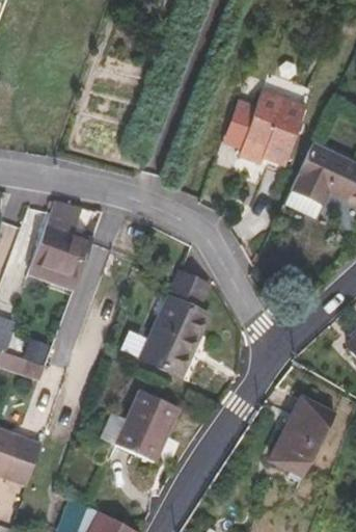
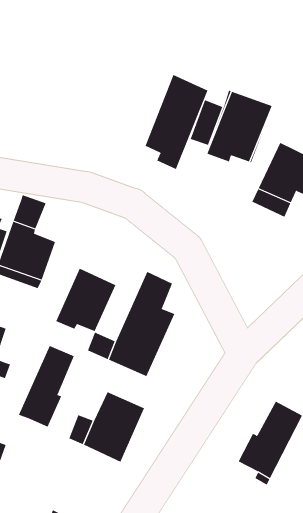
building: none -> [145,74,208,170]
building: none -> [55,268,116,332]
building: none -> [18,345,74,427]

